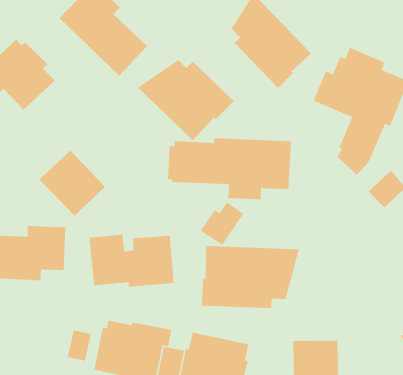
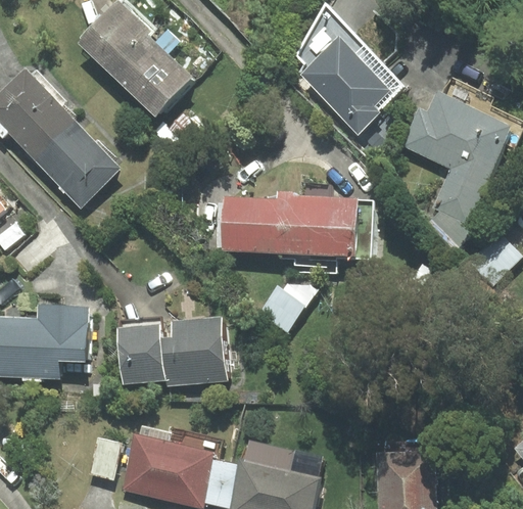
building: [137,59,234,141] -> none
building: [38,150,106,216] -> [34,122,120,206]
building: [201,245,300,309] -> none

